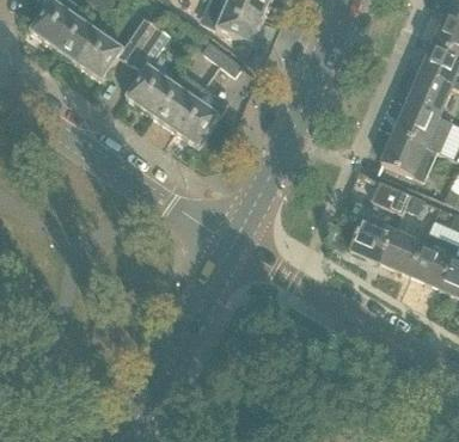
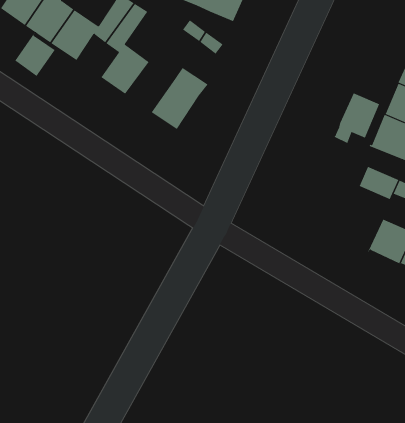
building: none -> [14,33,56,77]
building: [149,69,203,129] -> none
building: none -> [334,92,380,144]
building: [350,217,394,262] -> none

